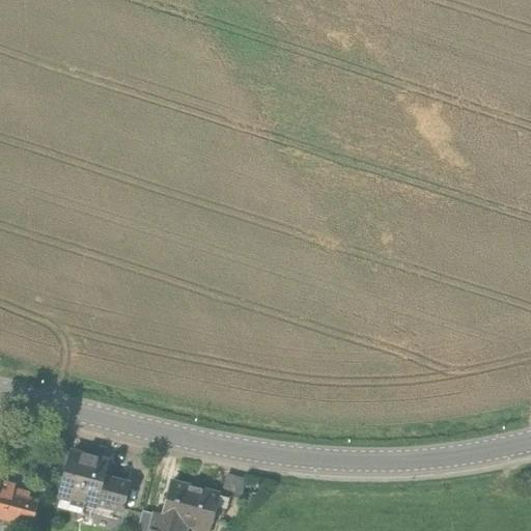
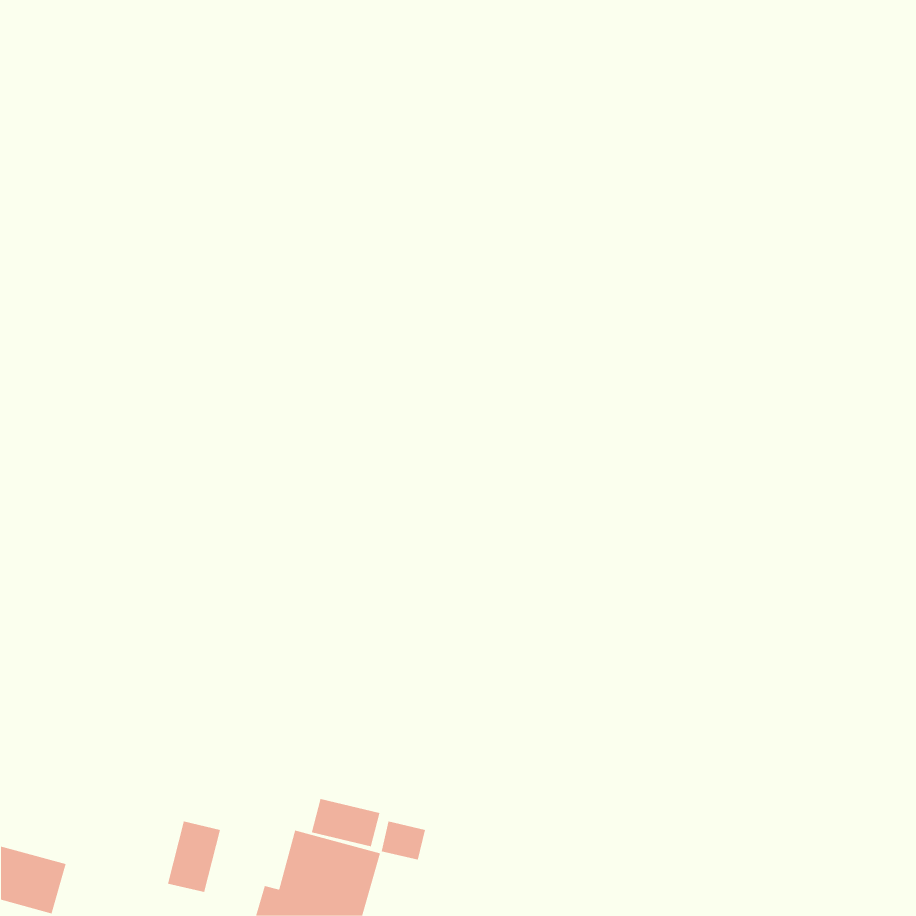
building: [56,459,108,510] -> none
building: none -> [311,798,380,847]

